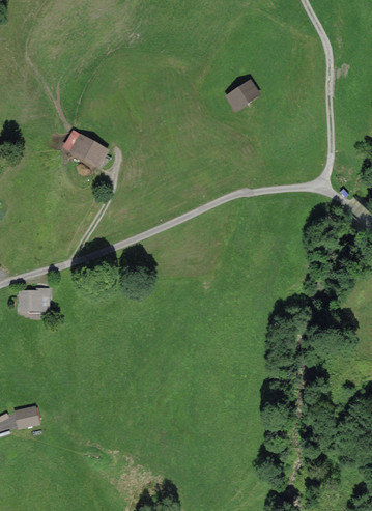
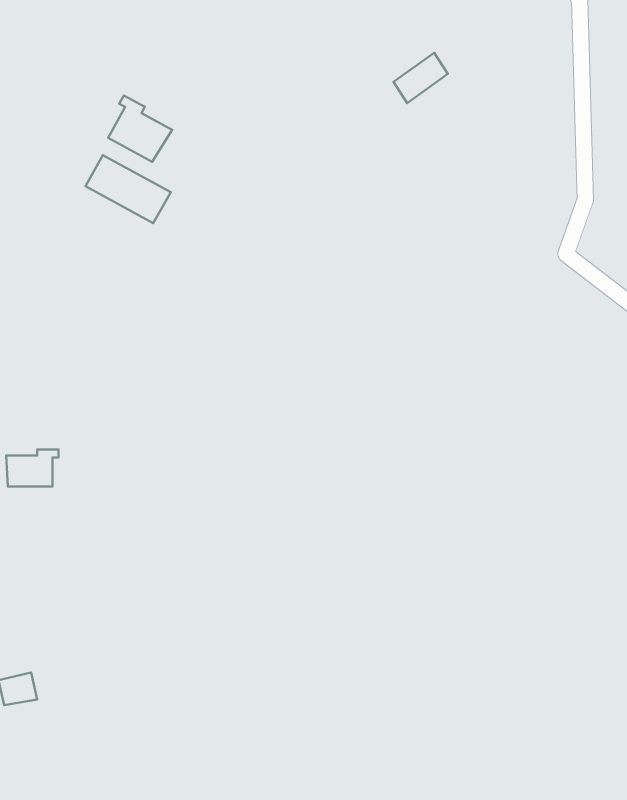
building: none -> [108,95,172,162]

